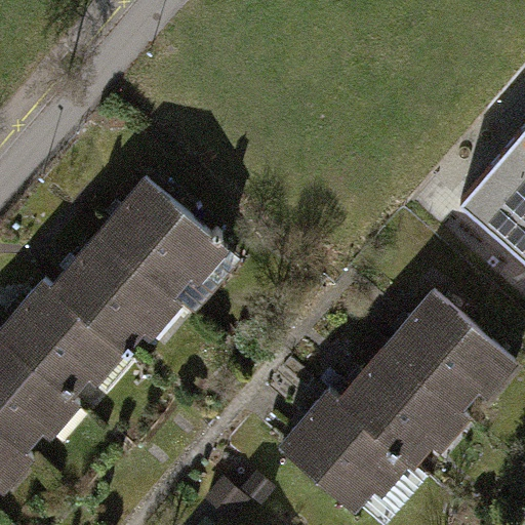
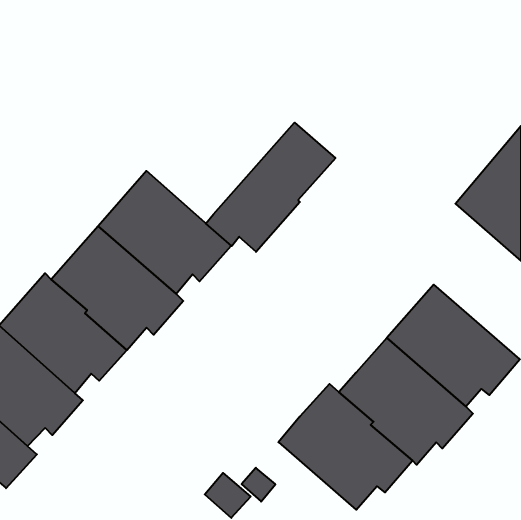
building: none -> [206,123,335,252]

